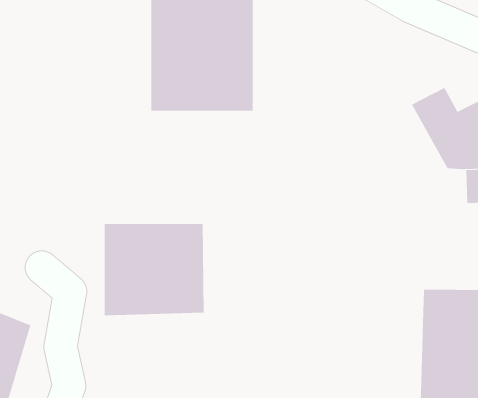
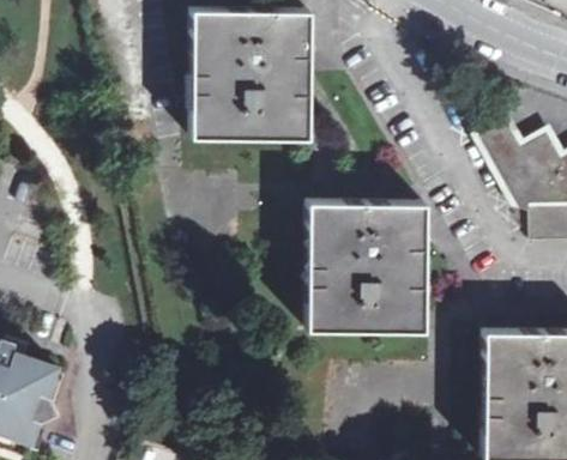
building: none -> [310,201,426,326]
building: [104,223,204,316] -> none

